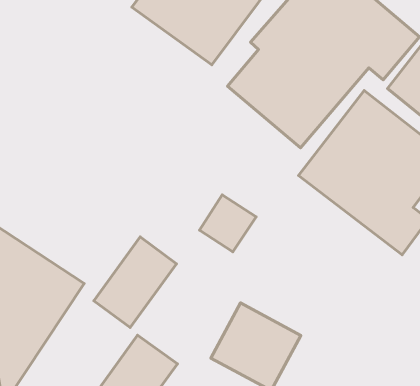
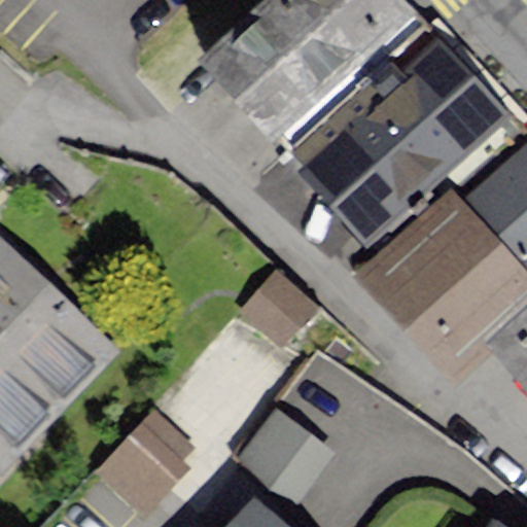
building: [94,237,177,328] -> none

